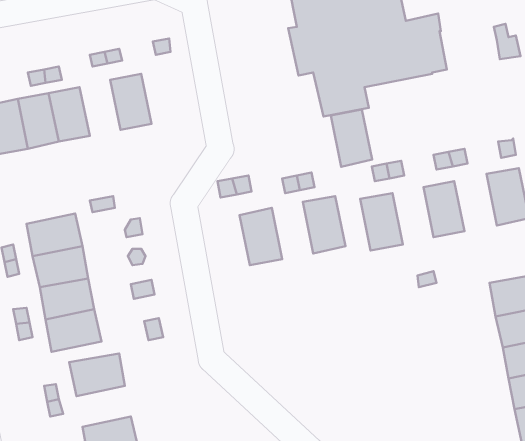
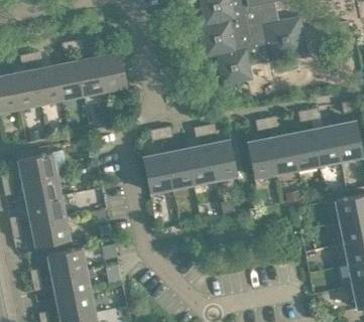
building: none -> [98,53,127,92]
building: none -> [55,61,84,100]
building: [331,109,372,167] -> [270,135,298,174]
building: none -> [313,126,342,165]
building: none -> [188,145,216,184]
building: none -> [143,154,172,193]
building: none -> [53,271,91,299]

